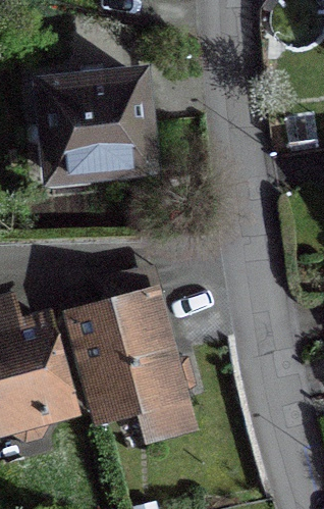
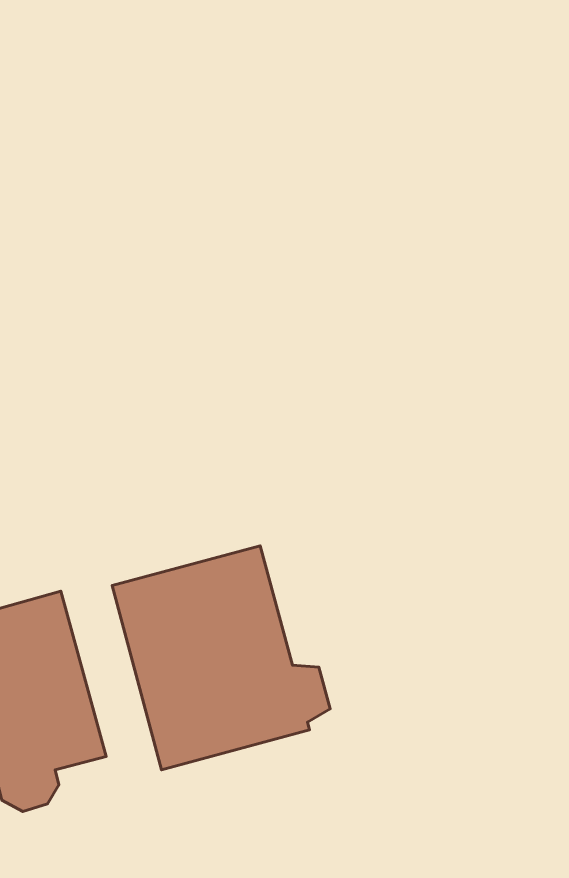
building: [40,79,147,177] -> none

